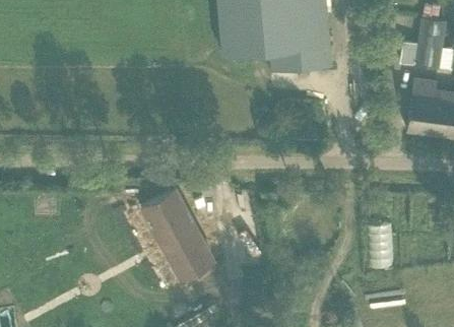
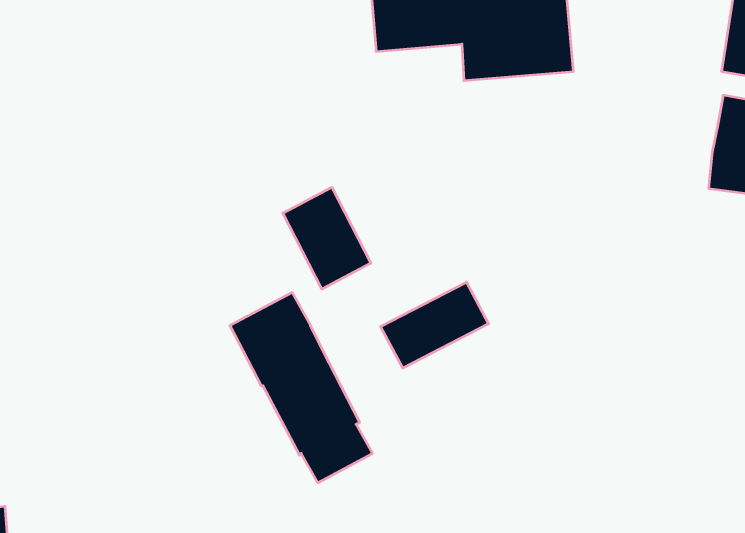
building: none -> [283,187,371,289]
building: none -> [381,282,489,368]

